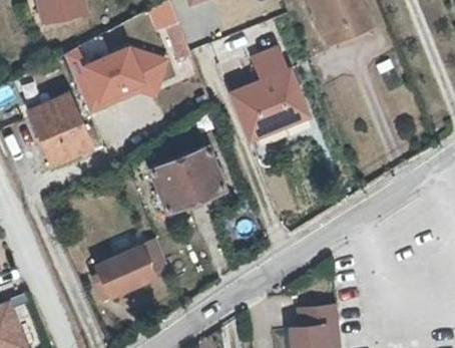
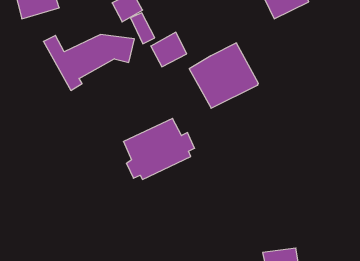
building: [242,42,282,80] -> [151,32,187,67]
building: [26,96,87,167] -> none
building: [94,241,169,297] -> none

